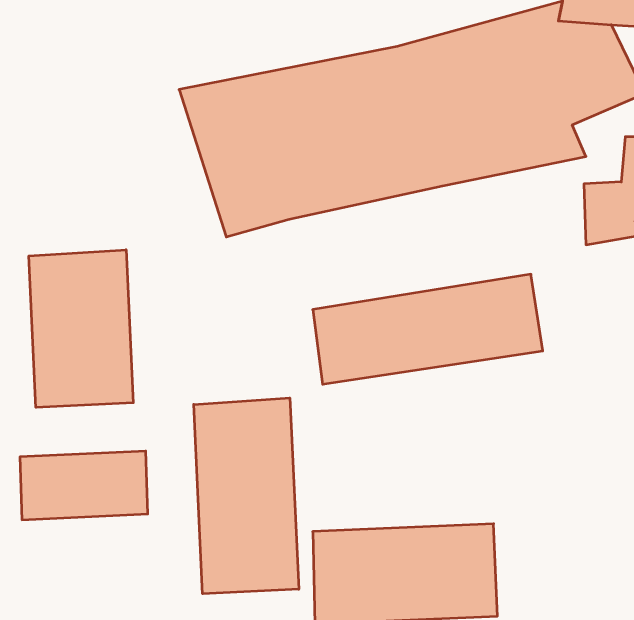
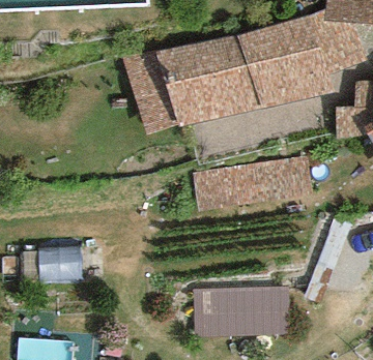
building: [29,250,133,407] -> none
building: [194,398,299,594] -> none

